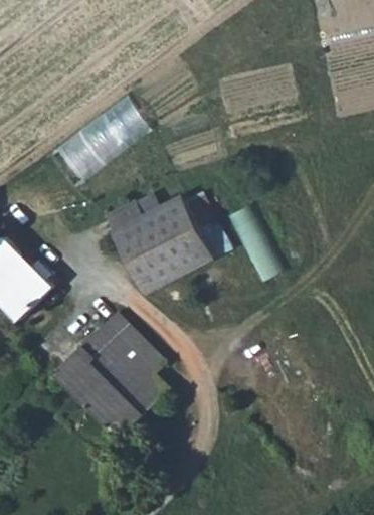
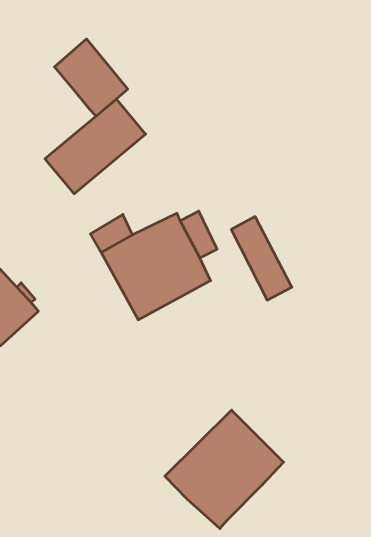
building: none -> [54,39,128,116]
building: [54,315,166,436] -> none
building: none -> [165,410,284,529]

